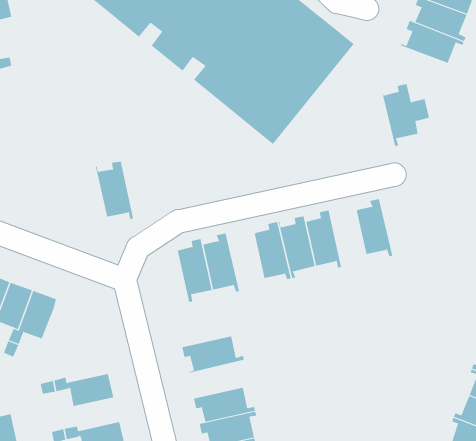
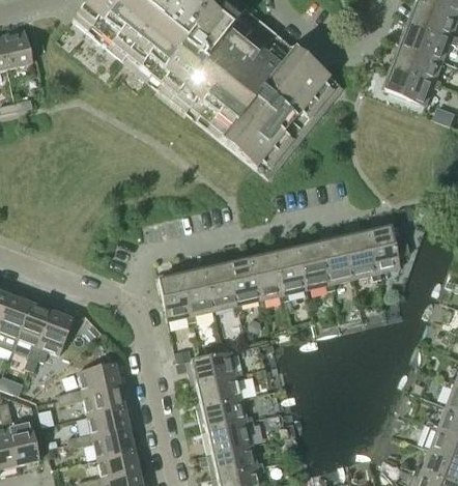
building: [381,84,430,147] -> [366,222,410,279]
building: [95,161,134,220] -> [158,269,193,322]
building: none -> [320,232,353,289]
building: none -> [227,253,261,311]
building: none -> [78,363,120,394]
building: none -> [192,373,245,408]
building: none -> [88,407,131,437]

